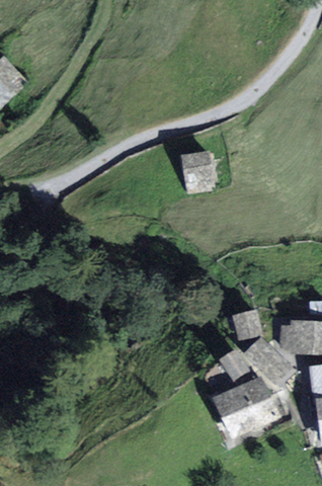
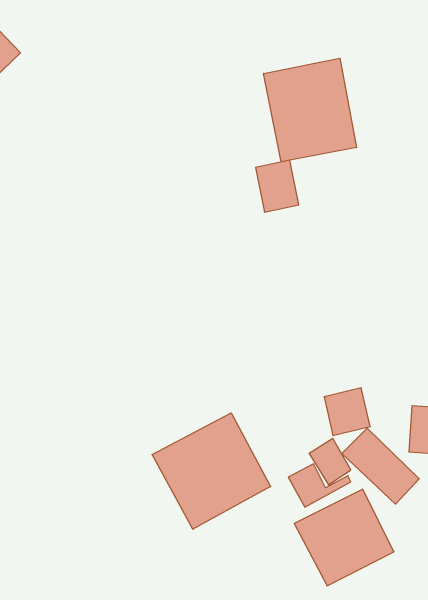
building: none -> [264,58,356,162]
building: none -> [152,413,271,529]

